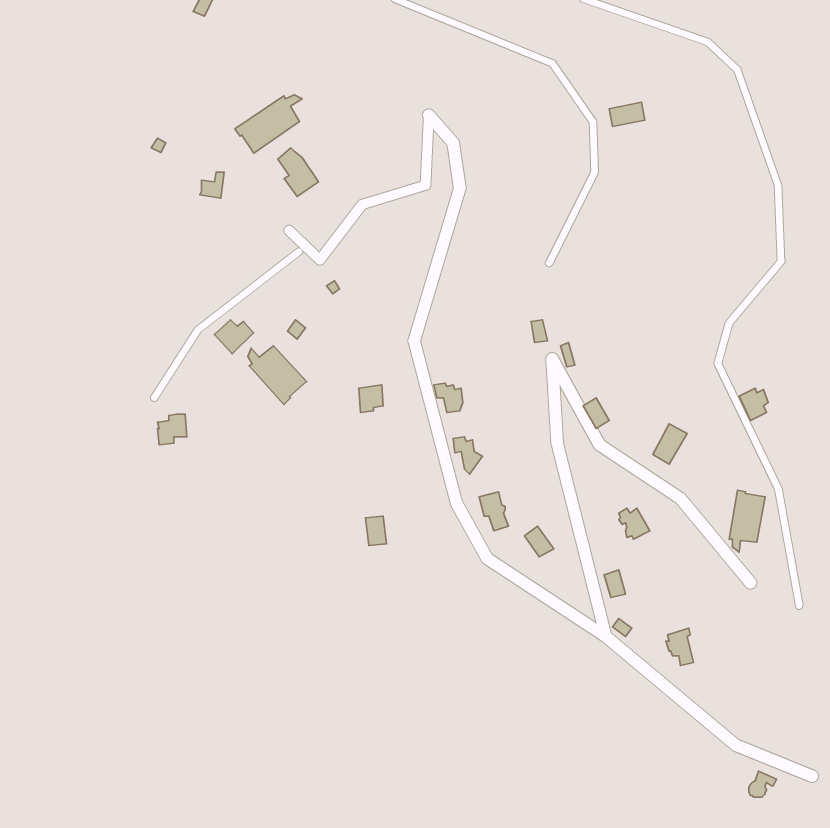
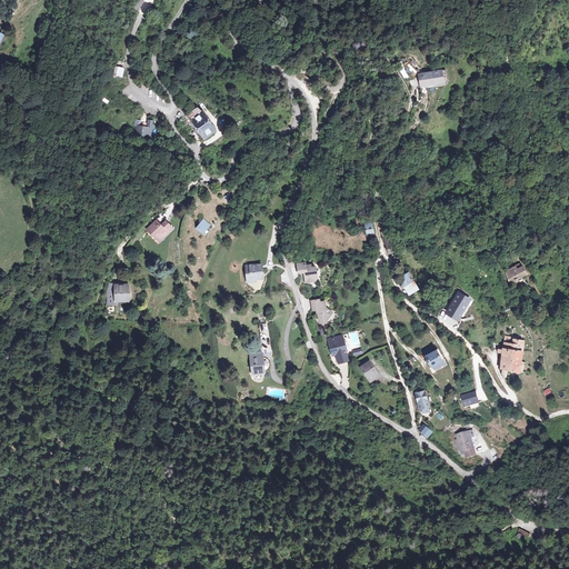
building: [235,95,302,153] -> none
building: [248,346,306,404] -> none

